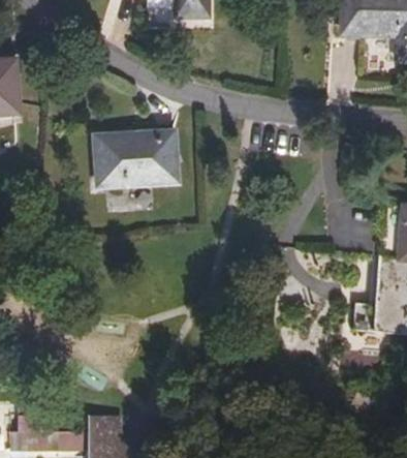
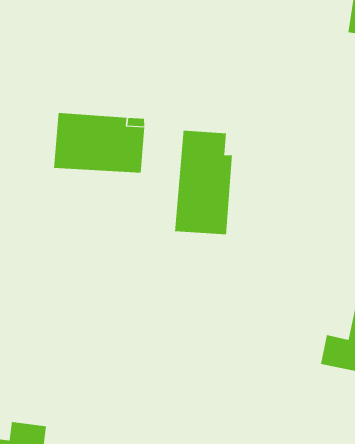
building: none -> [174,130,232,235]

